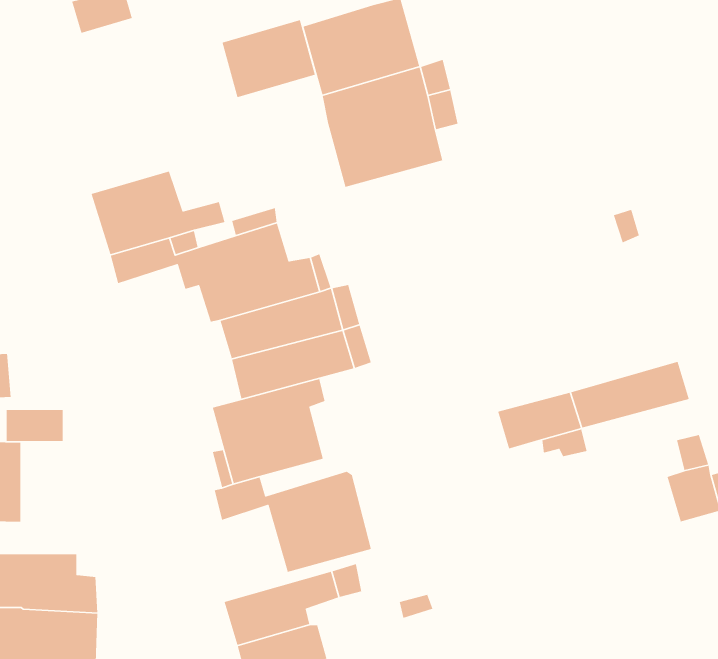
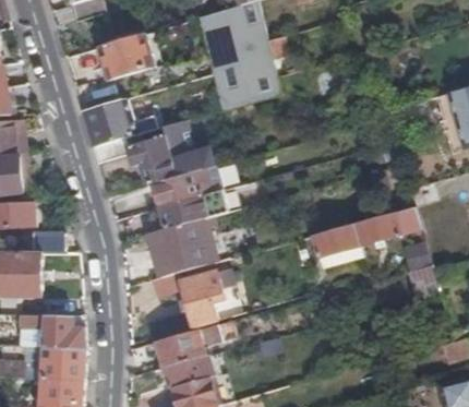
building: [222,19,316,98] -> [99,33,153,77]

